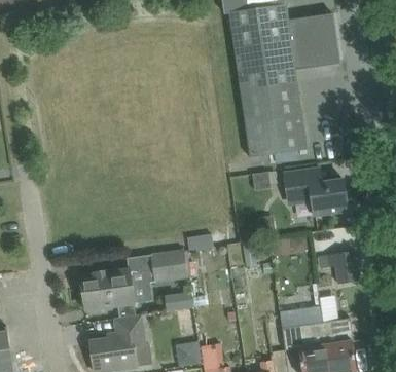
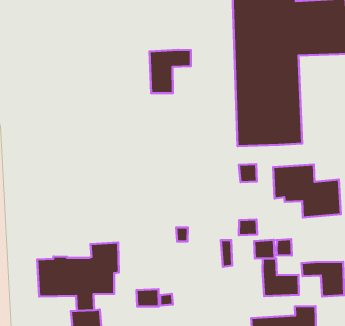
building: none -> [150,50,191,93]
building: [151,251,188,281] -> none
building: none -> [263,258,299,296]

